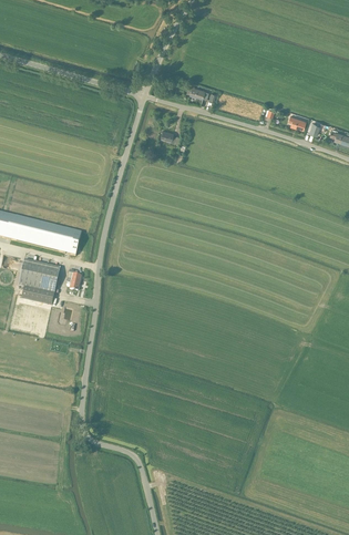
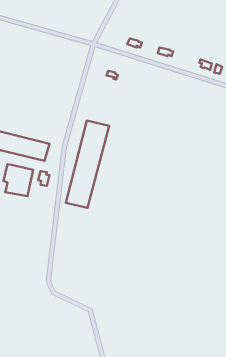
building: none -> [66,121,109,208]

